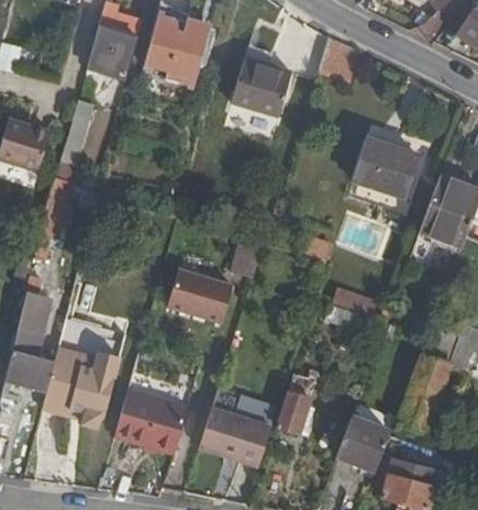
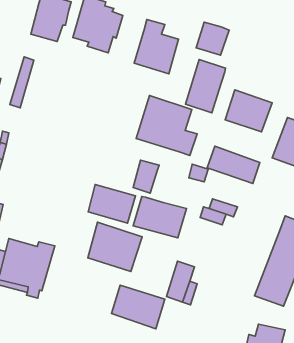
building: none -> [185,59,226,113]
building: none -> [136,95,197,156]
building: none -> [207,146,260,183]
building: none -> [133,196,187,238]
building: [115,387,189,454] -> [88,222,142,271]
building: [333,421,388,476] -> none

